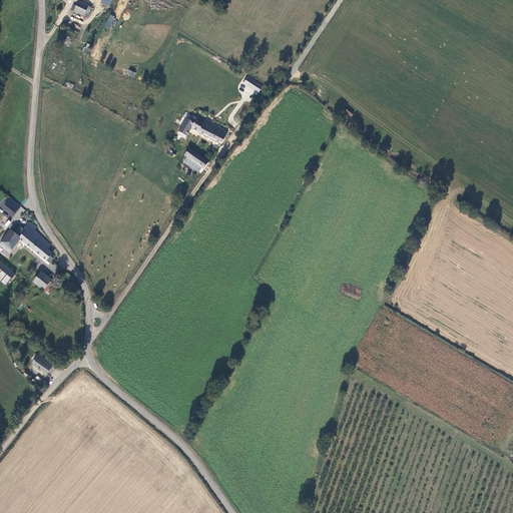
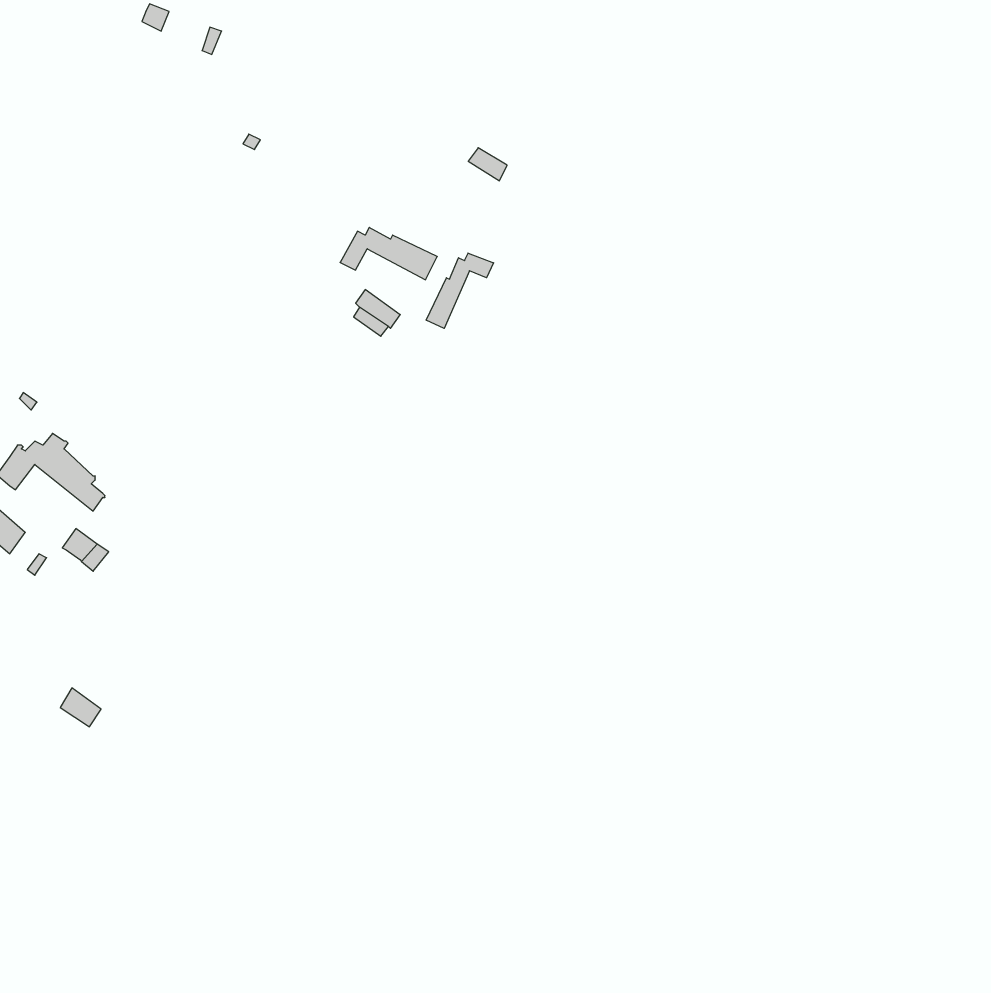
building: none -> [426,253,494,328]

